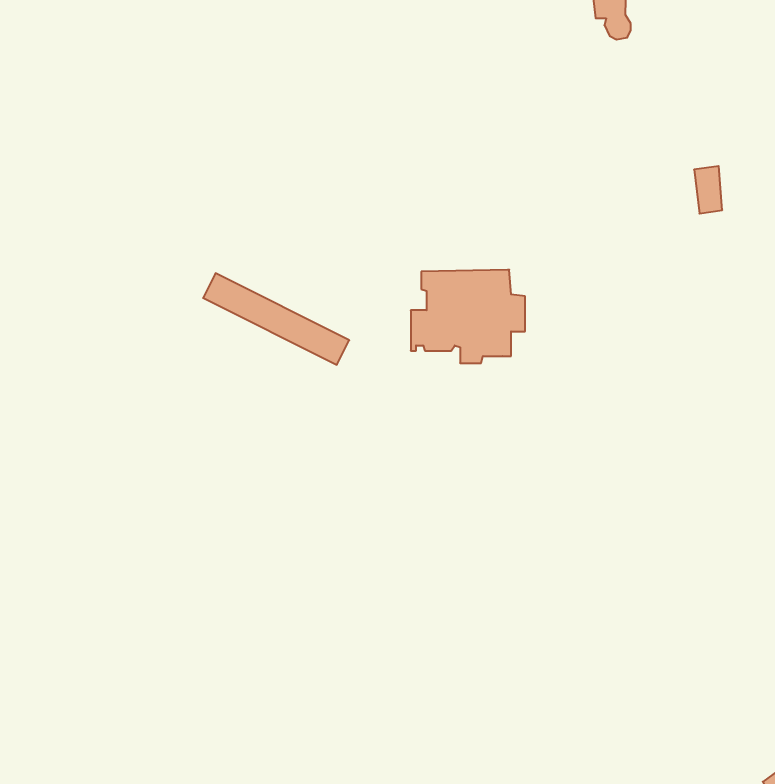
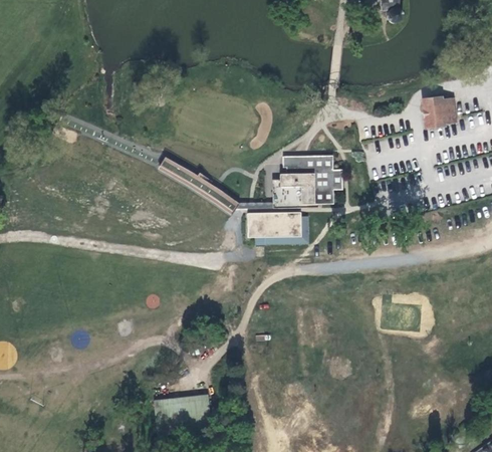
building: none -> [423,95,441,126]
building: none -> [247,213,300,237]
building: none -> [155,394,211,424]

